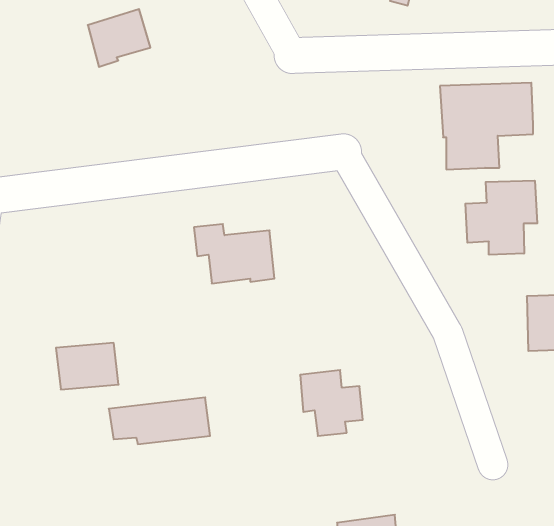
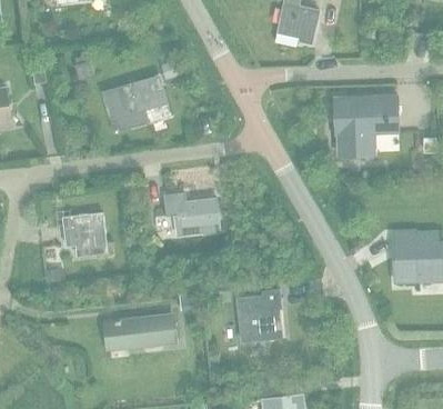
building: [88,9,150,67] -> [118,76,161,116]
building: [465,181,537,255] -> none
building: [56,343,119,389] -> [62,212,105,245]

